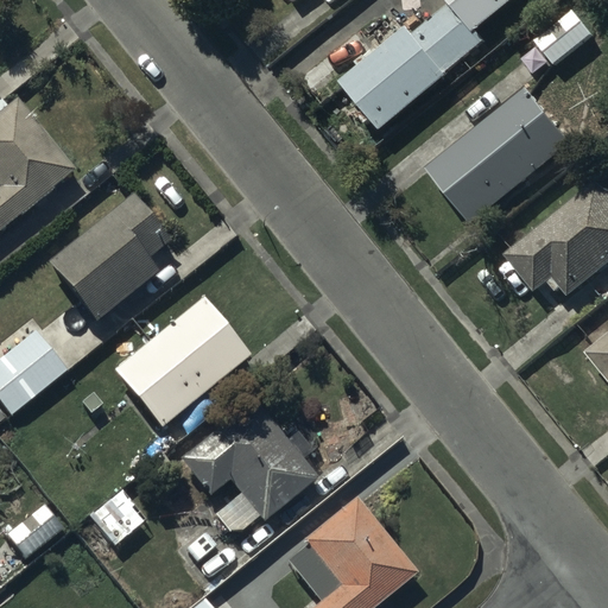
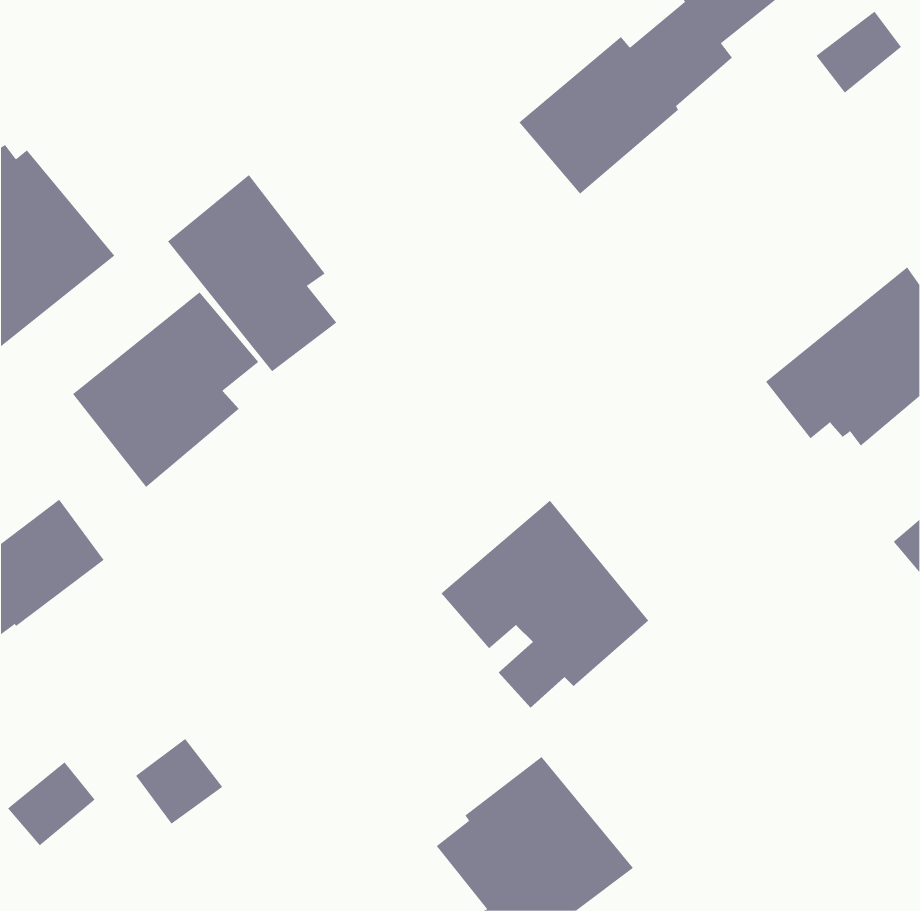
building: [431,87,575,221] -> none
building: none -> [167,174,337,372]
building: [115,296,251,426] -> none
building: [179,397,317,534] -> [440,500,649,709]

